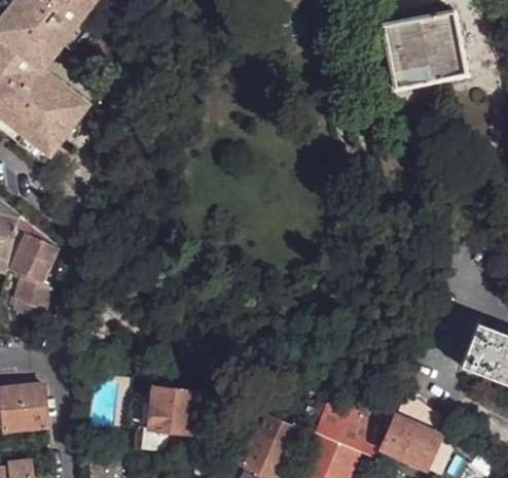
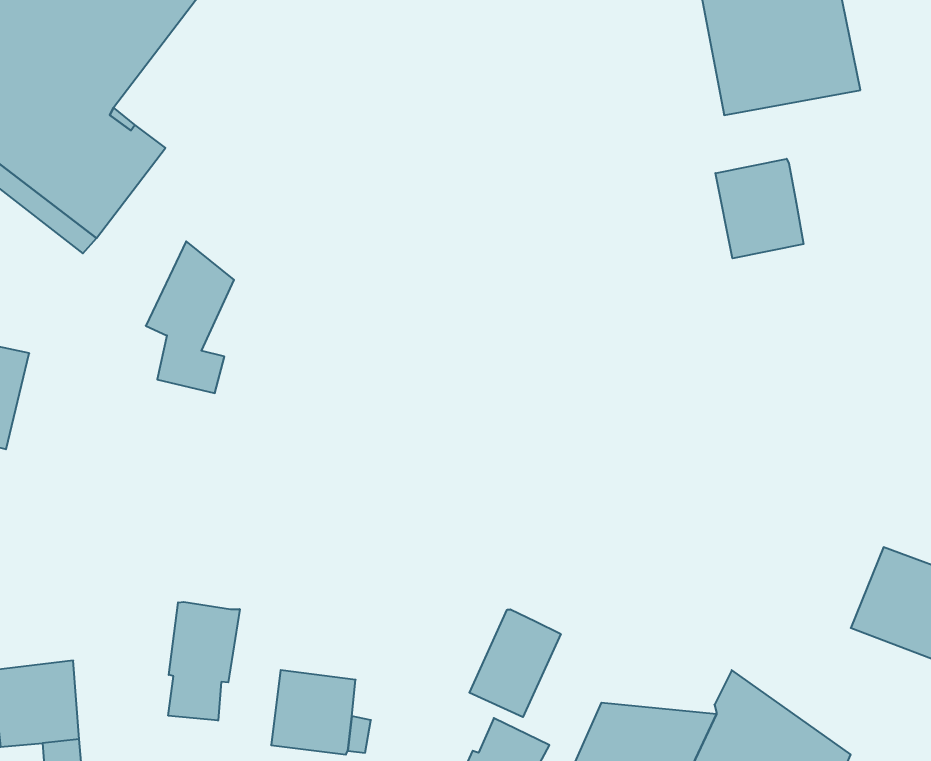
building: none -> [715,159,804,258]
building: [9,226,57,307] -> [146,241,234,393]
building: none -> [168,602,240,721]
building: none -> [469,609,561,717]

